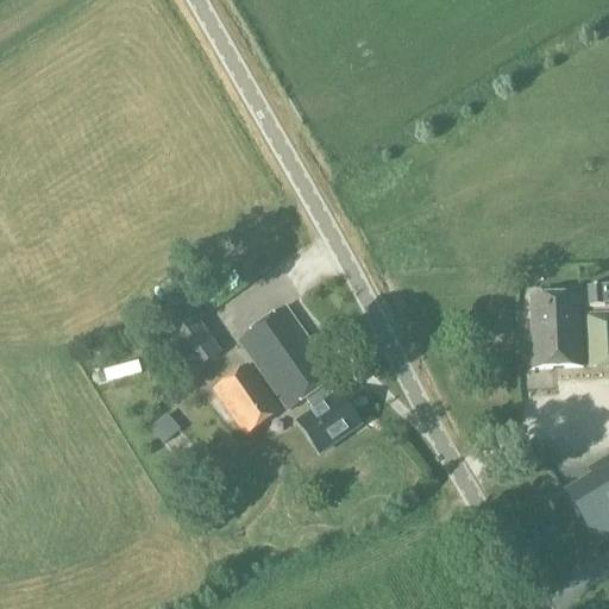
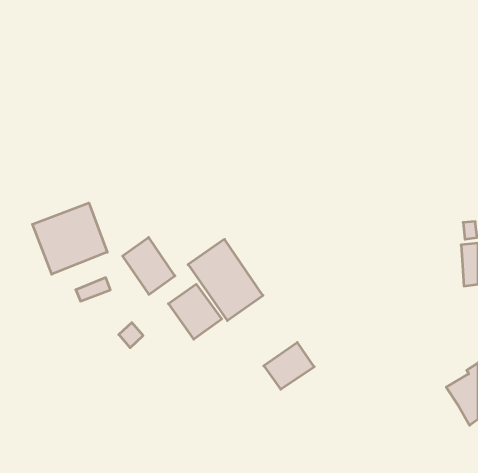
building: none -> [32,203,107,274]
building: [532,290,584,366] -> none
building: [297,391,362,451] -> [264,342,314,389]

